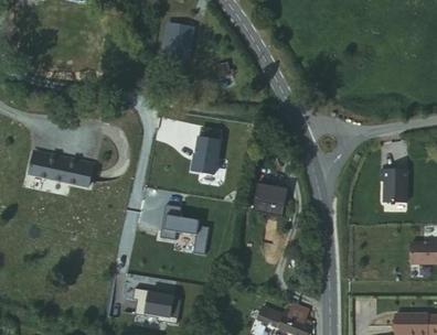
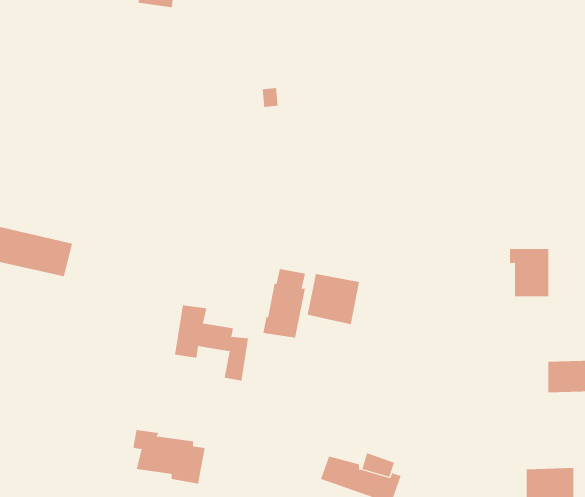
building: [164,24,192,60] -> none
building: [191,129,220,175] -> [263,268,306,338]

